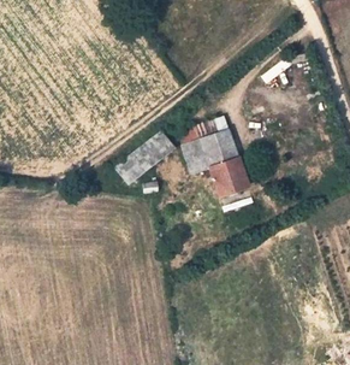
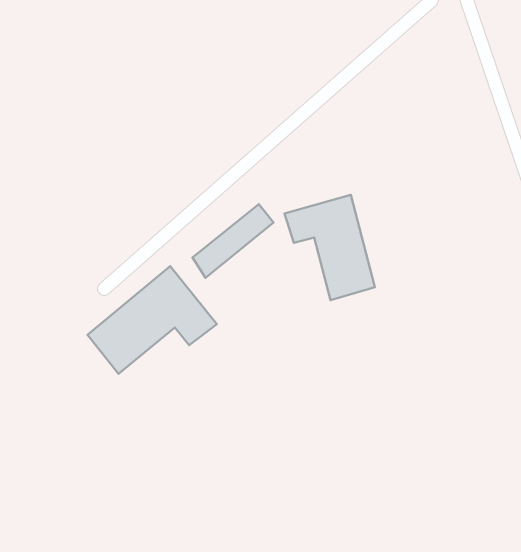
building: none -> [88,266,217,374]

